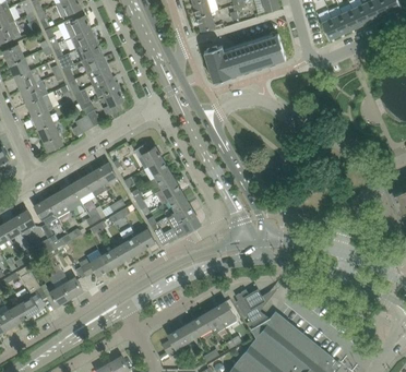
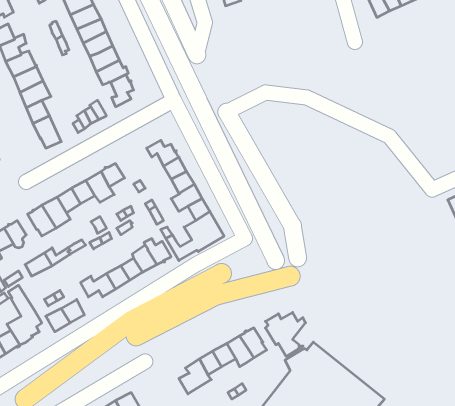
building: [204,35,286,83] -> none

